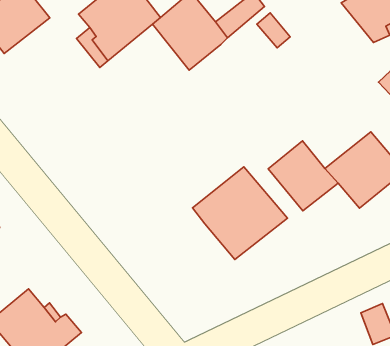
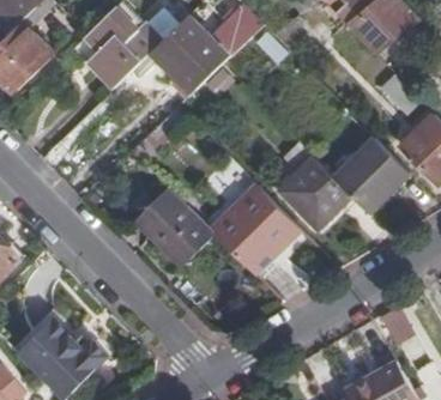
building: none -> [139,192,219,268]

